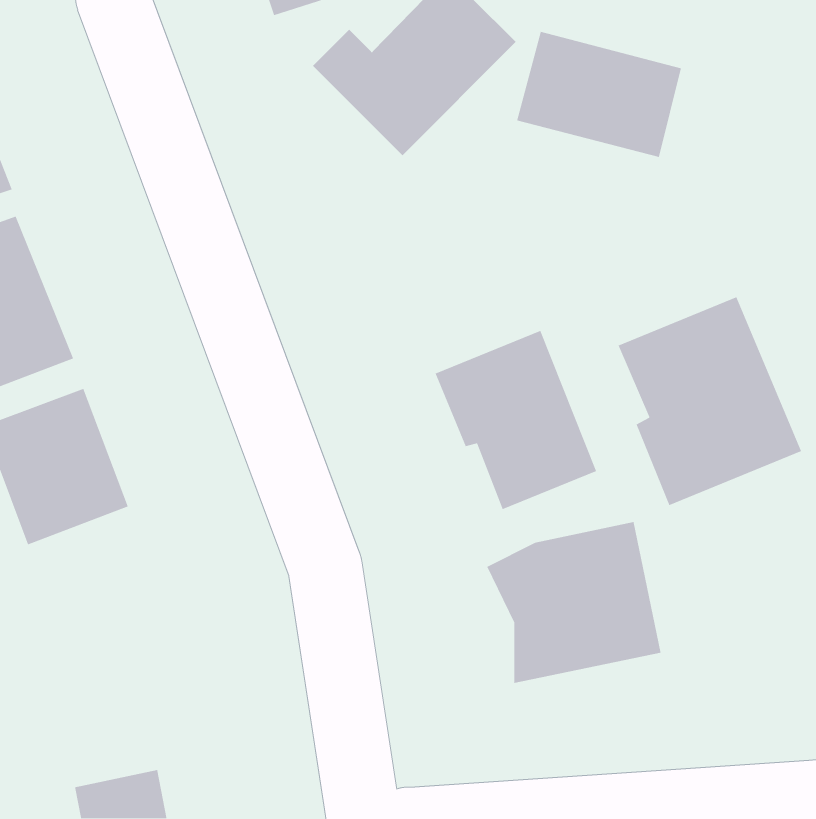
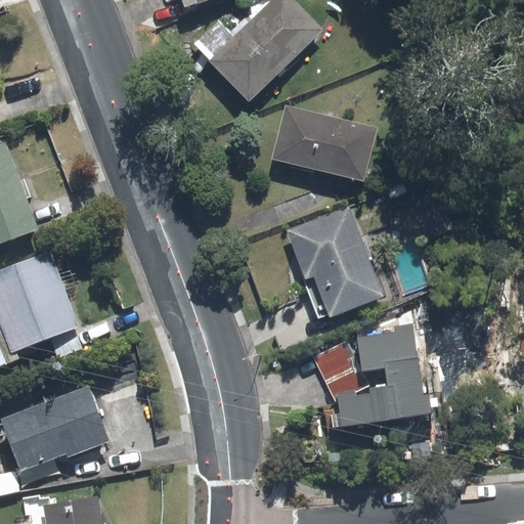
building: [516,31,682,158] -> [262,107,367,188]
building: [618,296,802,506] -> none
building: none -> [8,379,117,467]

